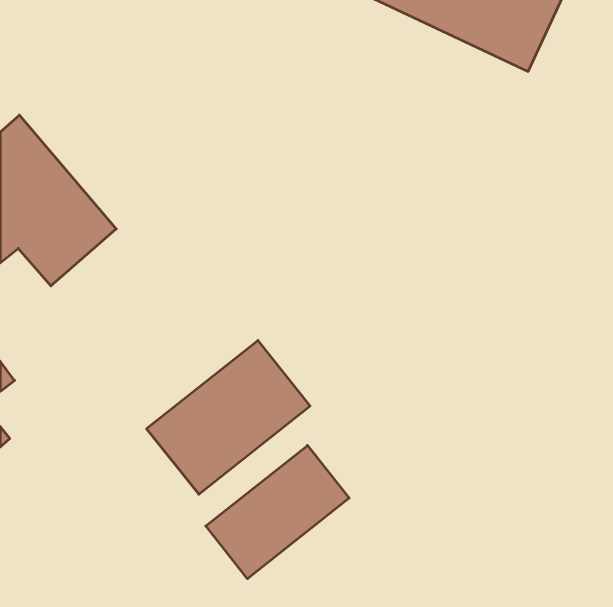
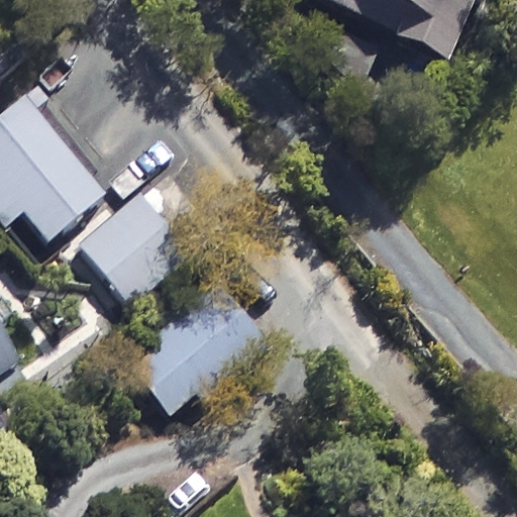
building: none -> [80,194,186,299]
building: [206,445,349,579] -> none

